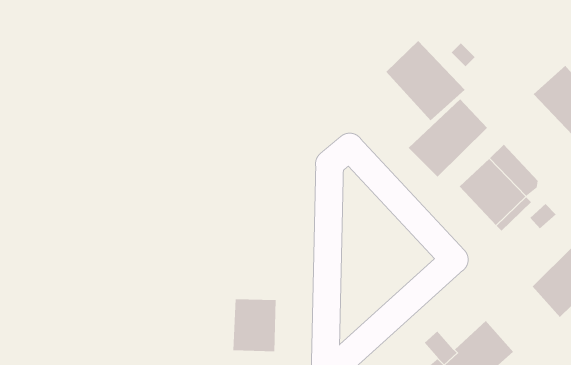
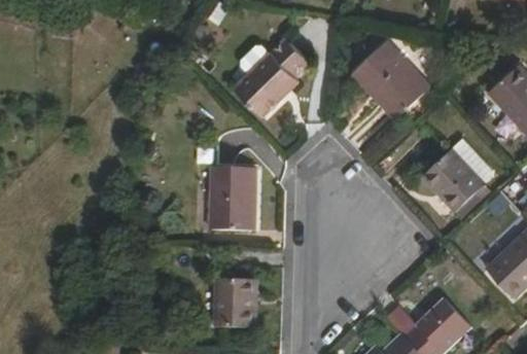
building: none -> [234,38,308,115]
building: [408,98,488,177] -> none
building: none -> [210,167,255,229]

